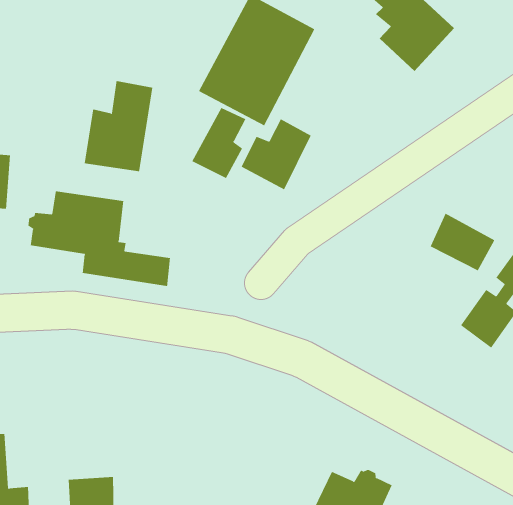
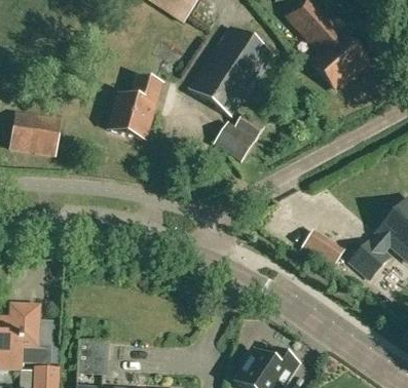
building: [192,107,246,179] -> none
building: [28,190,170,287] -> none
building: [430,213,495,271] -> [300,229,344,270]

